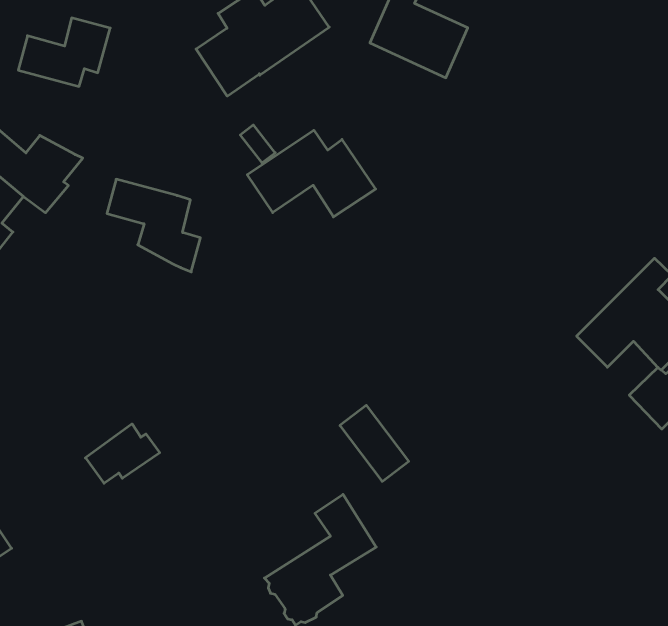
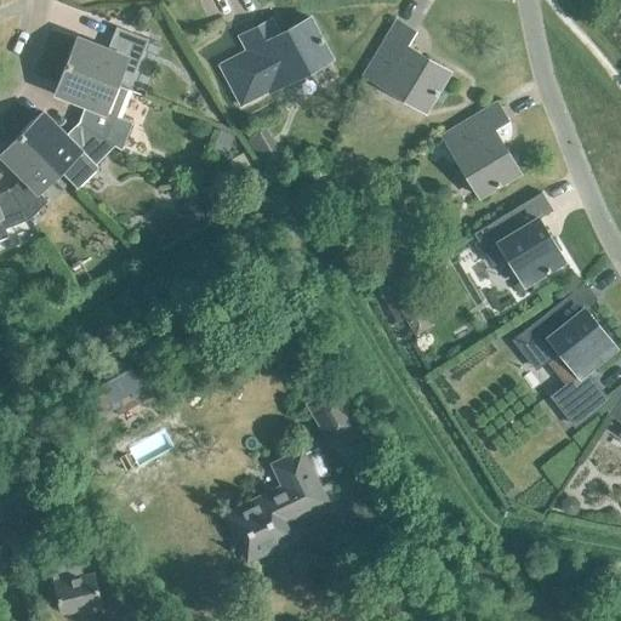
building: none -> [443,103,519,196]
building: [247,130,376,217] -> none
building: none -> [474,192,564,285]
building: [107,179,200,272] -> [56,65,132,150]

